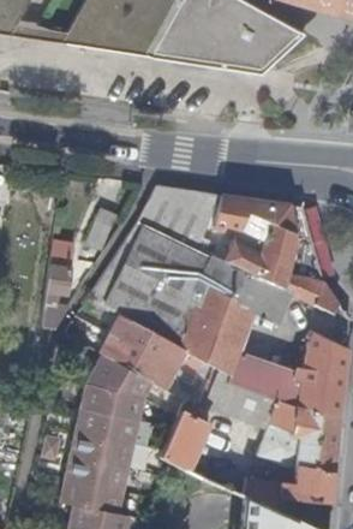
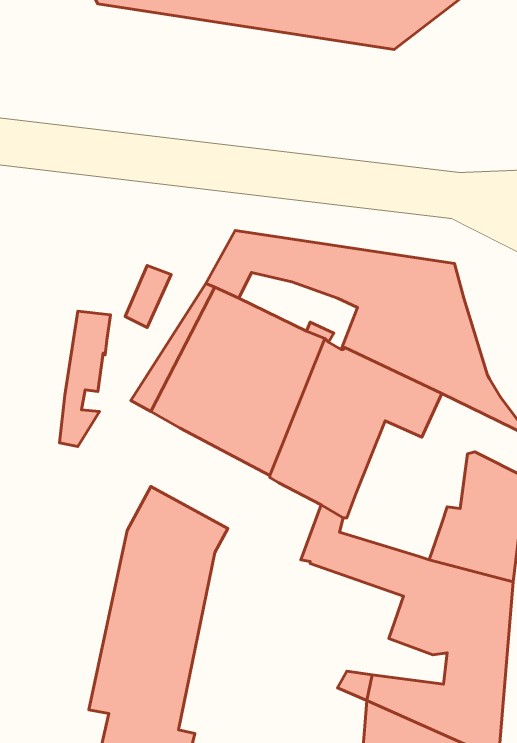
building: [102,315,187,388] -> none
building: [227,358,294,402] -> none
building: [162,410,211,468] -> none

